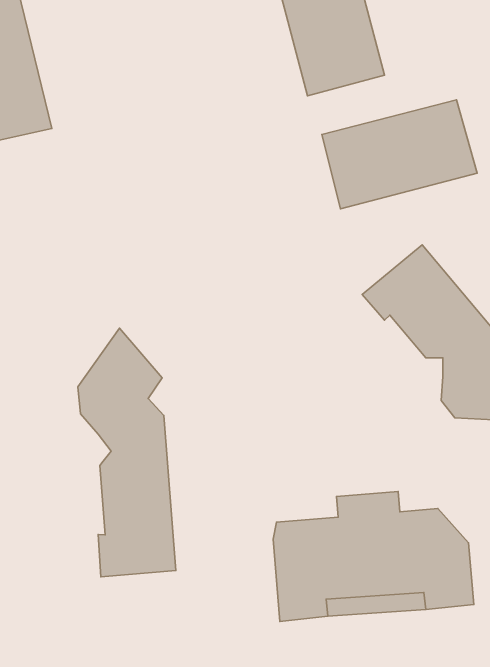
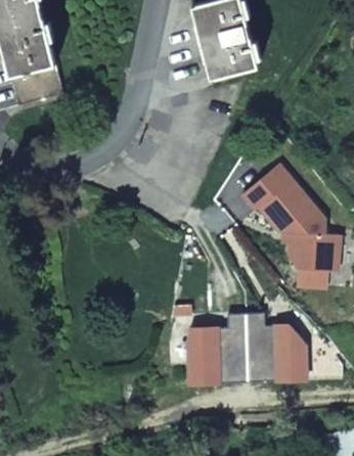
building: [322,100,477,209] -> none
building: [78,328,176,577] -> none

